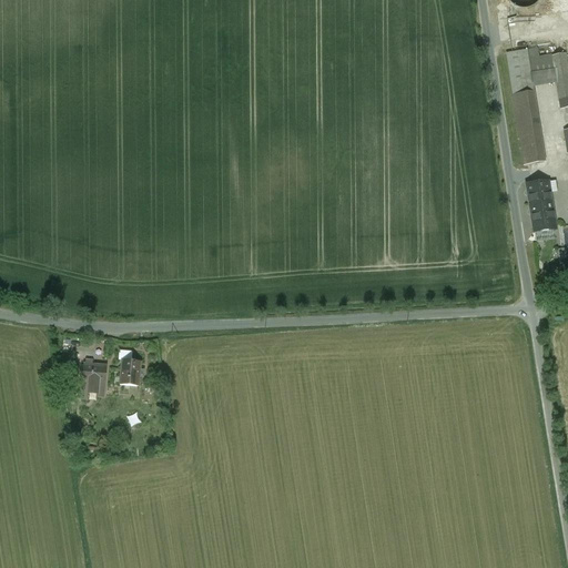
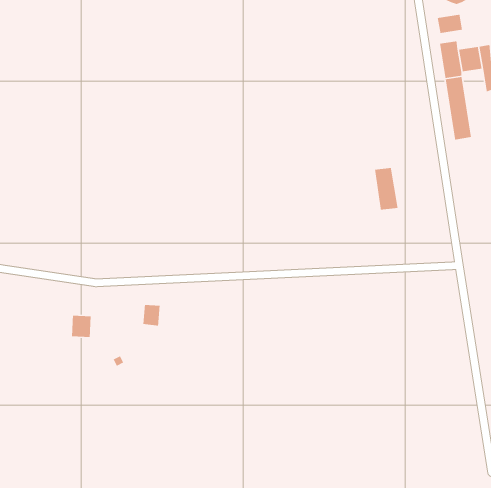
building: none -> [437,14,463,34]
building: [528,179,556,229] -> [374,167,398,211]
building: [121,358,142,384] -> [142,304,161,326]

